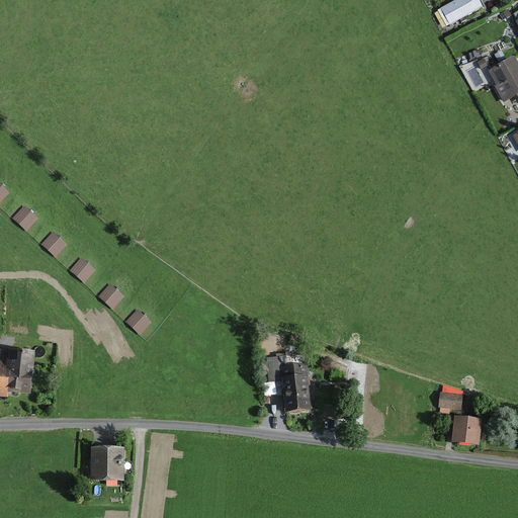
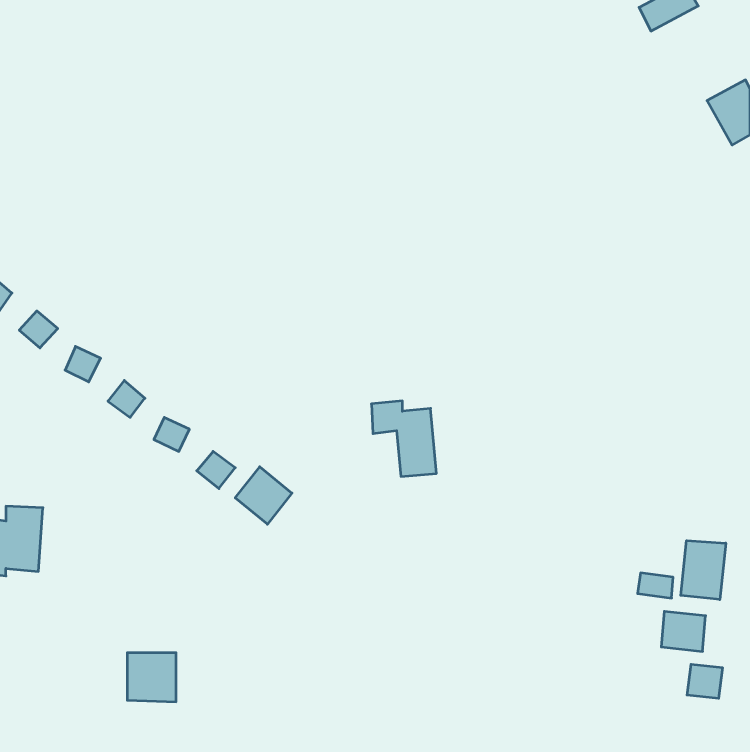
building: none -> [235,467,292,524]
building: [267,357,312,409] -> [371,401,436,476]
building: none -> [681,541,726,600]
building: none -> [687,664,722,698]

